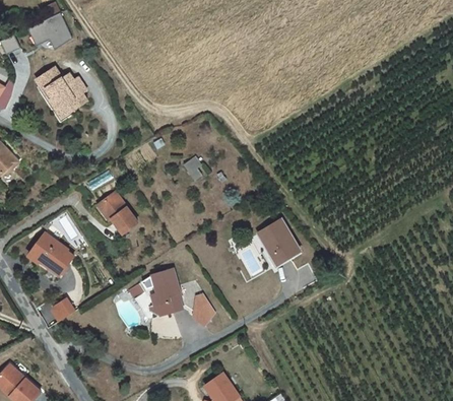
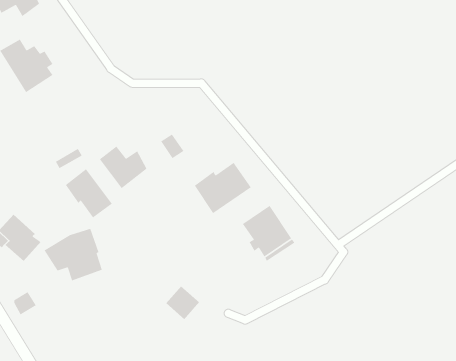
building: none -> [99,145,147,189]
building: none -> [194,162,252,214]
building: [128,271,182,320] -> [44,228,103,282]

